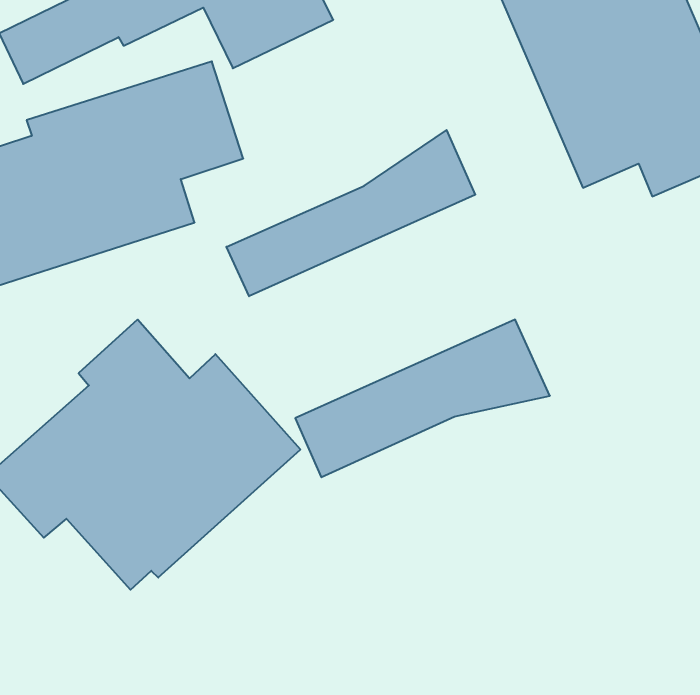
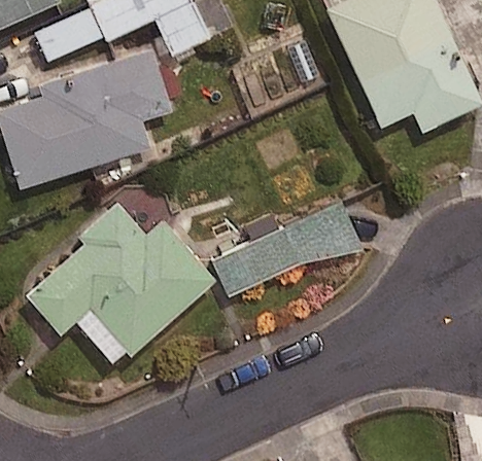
building: [226,130,475,296] -> none

